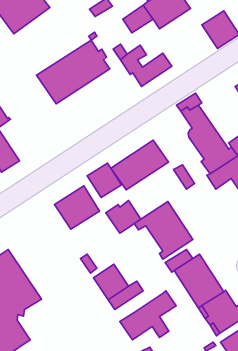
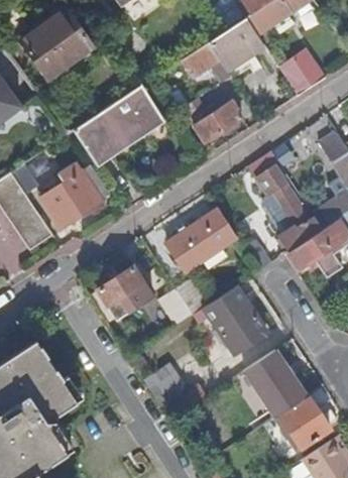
building: none -> [40,160,103,227]
building: [87,163,121,198] -> none
building: [120,291,176,340] -> none

